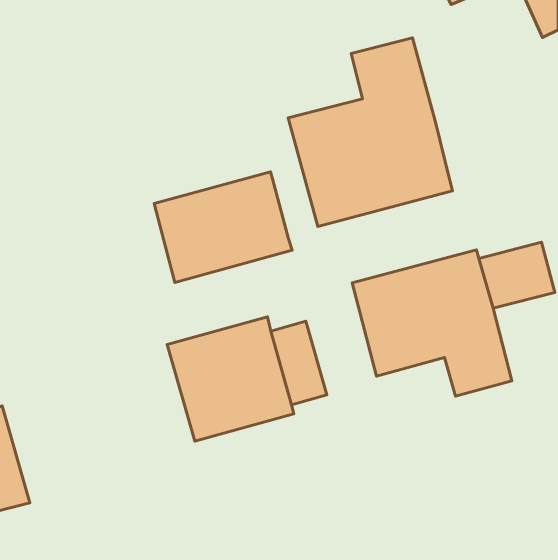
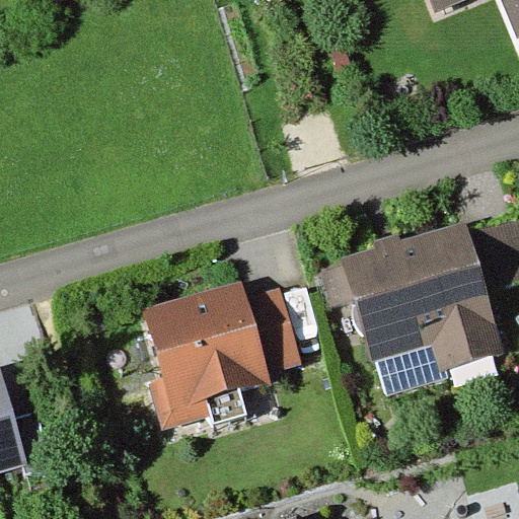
building: [288,38,453,227] -> none
building: [154,172,292,282] -> none

